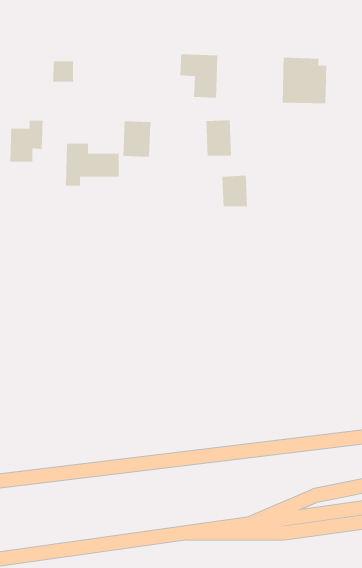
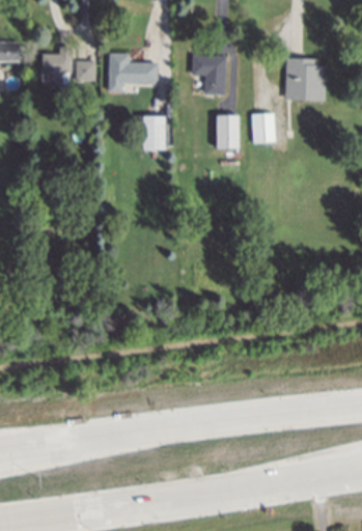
building: [9,120,43,162] -> [41,47,73,85]
building: [65,143,120,186] -> [108,53,158,92]
building: [222,175,248,207] -> [252,113,276,142]

